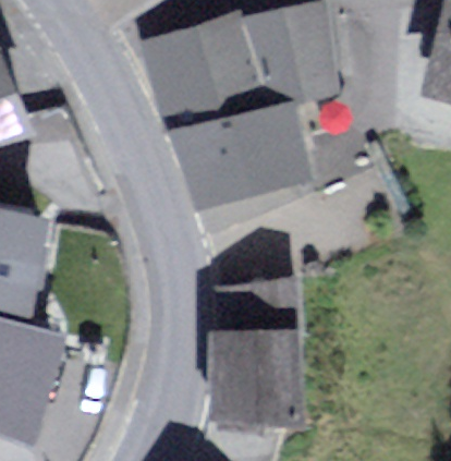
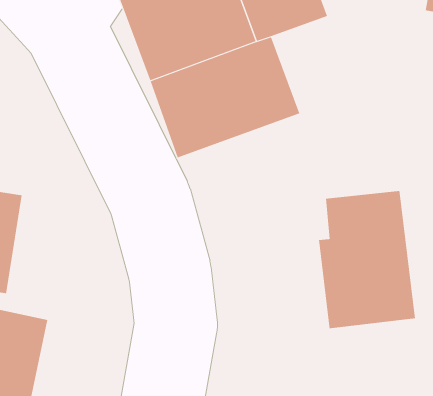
building: [219,293,302,414] -> [318,191,416,329]

